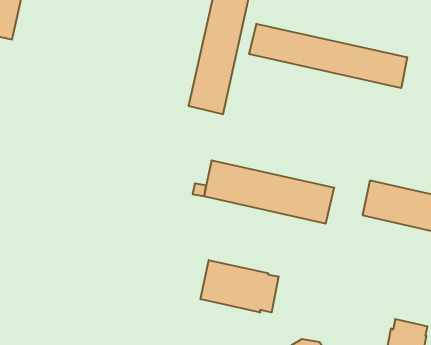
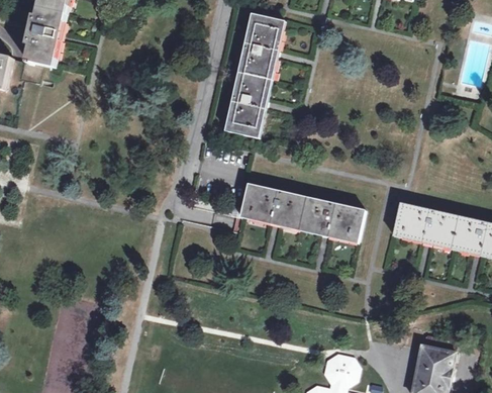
building: [249,24,407,88] -> none
building: [201,260,279,313] -> none

